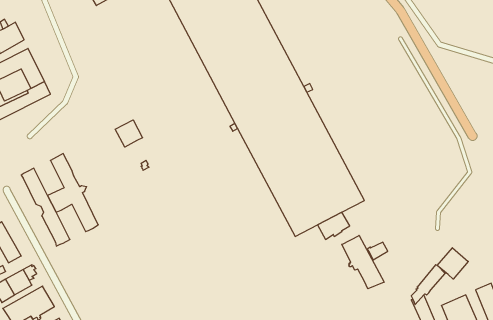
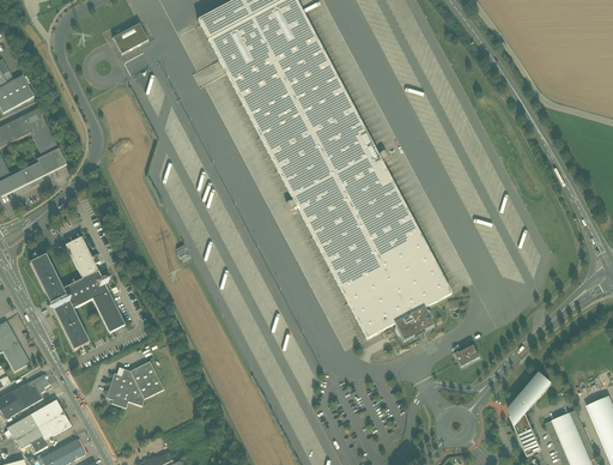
building: [115,120,143,147] -> none
building: [342,235,384,289] -> none
building: [437,248,468,279] -> none
building: none -> [105,360,164,406]

